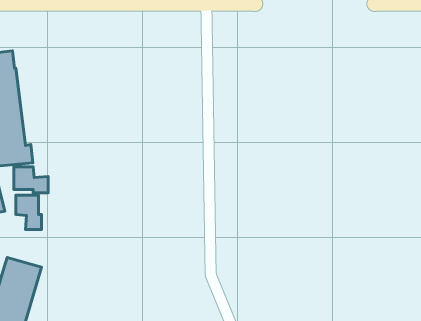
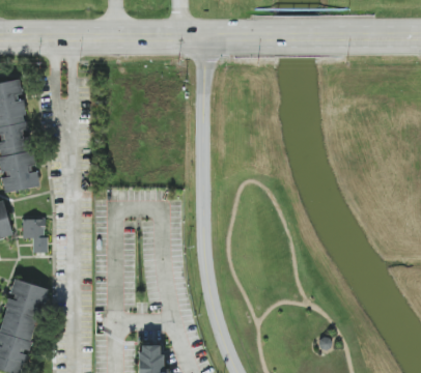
building: [14,167,48,193] -> none

